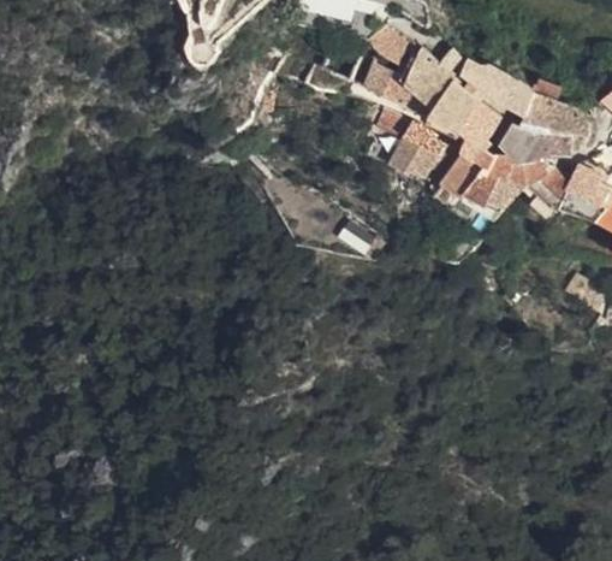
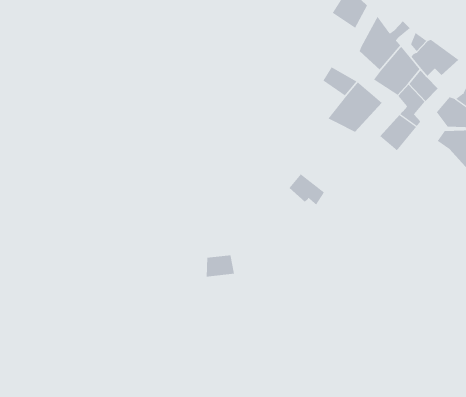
building: [363,65,435,118] -> none
building: [468,155,524,202] -> none

